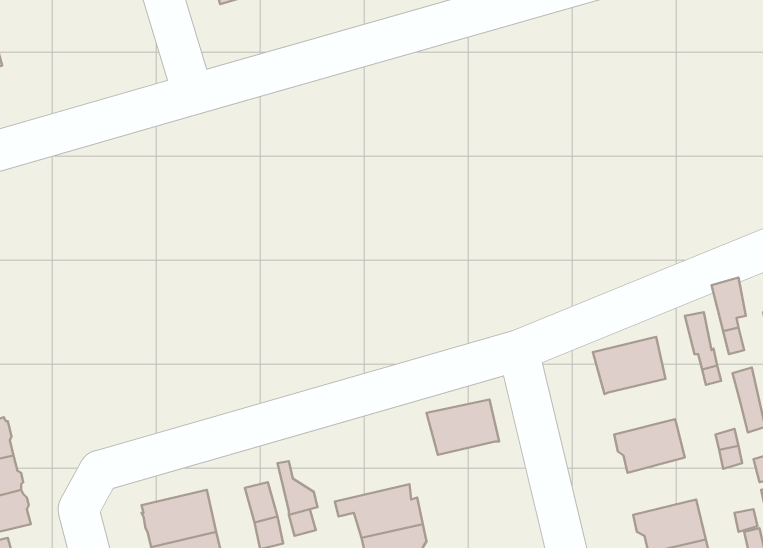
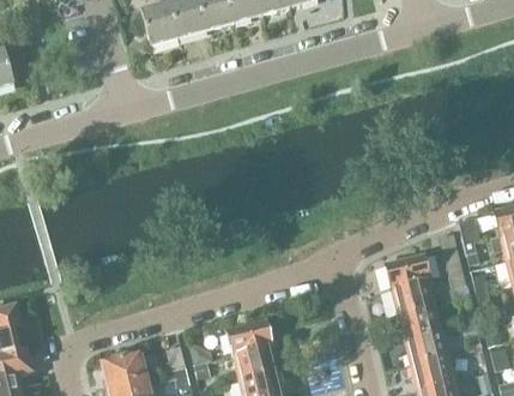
building: none -> [394,280,436,314]
building: [426,399,499,455] -> [226,319,272,354]
building: none -> [406,329,449,365]

